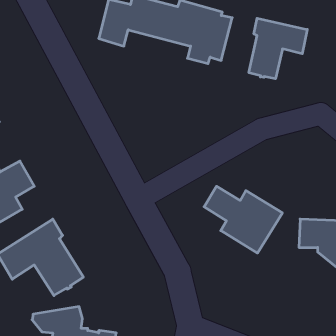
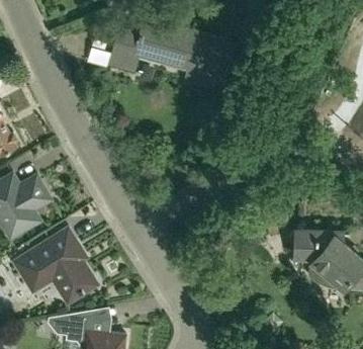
building: [249,18,307,79] -> none
building: [204,186,282,253] -> none

